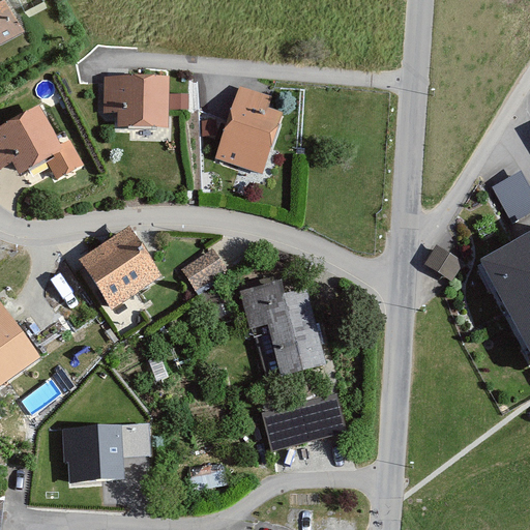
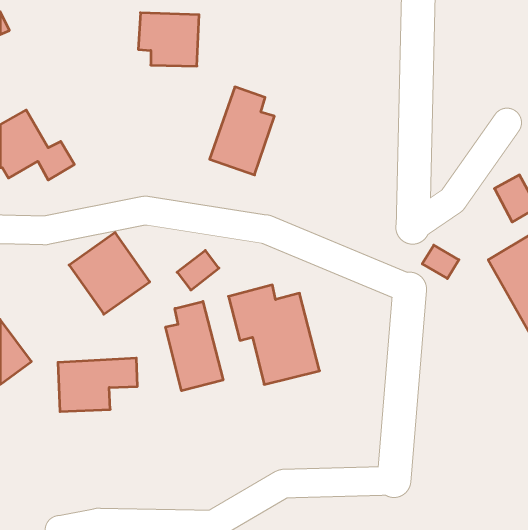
building: [104,77,164,129] -> [138,13,199,66]
building: none -> [166,301,223,391]
building: [262,395,344,449] -> none
building: [77,421,155,474] -> [58,358,137,412]

